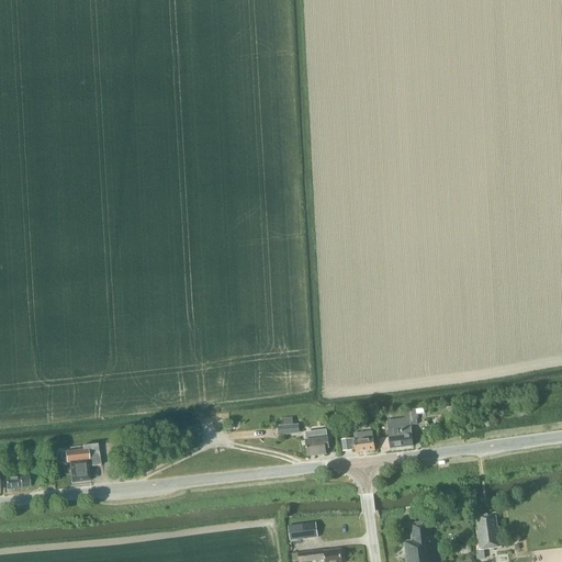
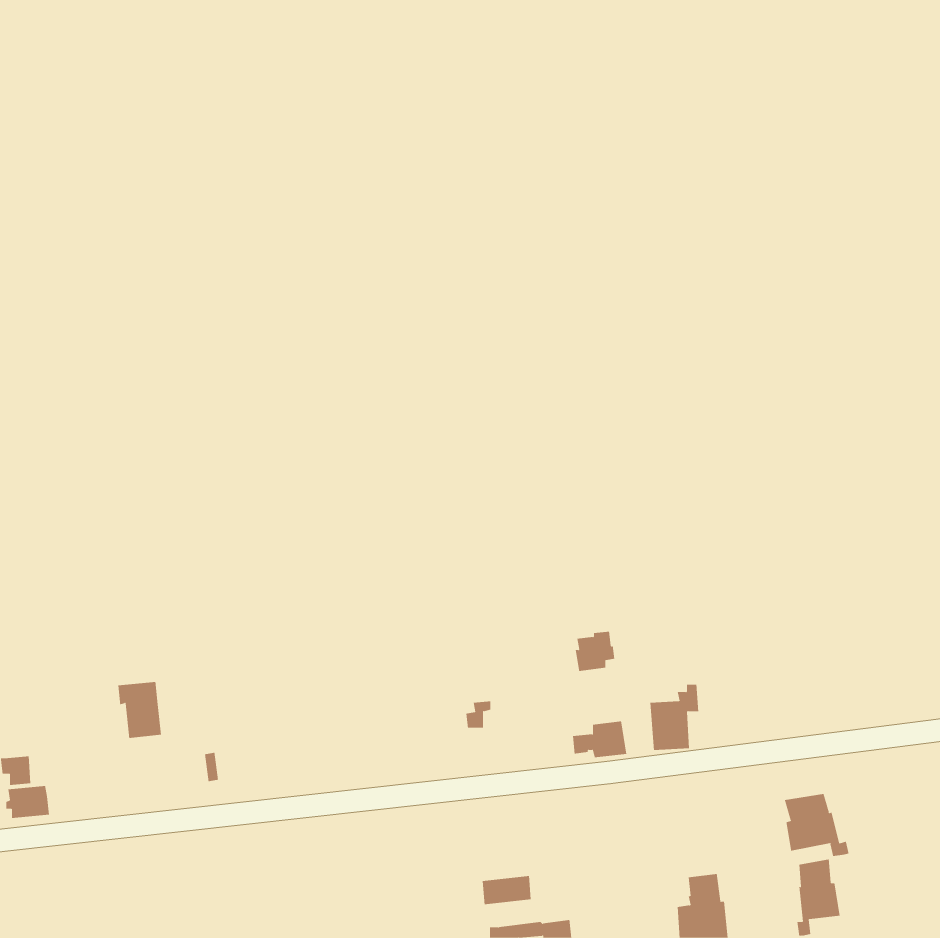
building: [305,430,329,454] -> [575,631,615,672]
building: [65,449,91,483] -> [118,681,162,738]
building: none -> [784,793,849,857]

